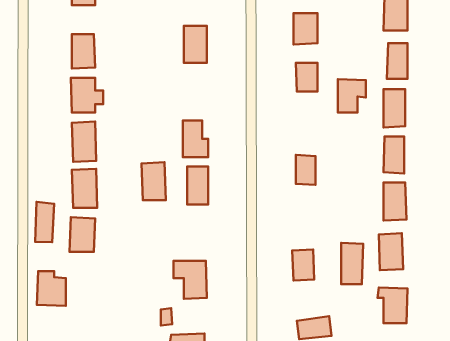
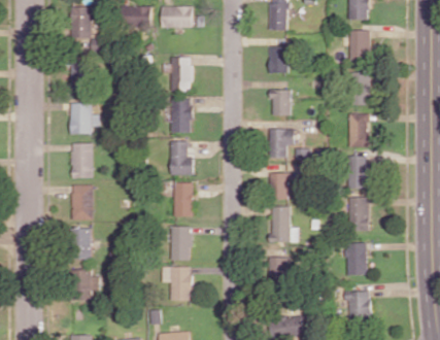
building: none -> [170,98,190,132]
building: [338,79,366,113] -> [269,128,294,158]
building: [142,162,166,200] -> [169,226,191,260]
building: [35,202,54,242] -> none
building: [341,243,363,284] -> [270,205,290,242]
building: [37,271,66,306] -> [72,270,98,301]

